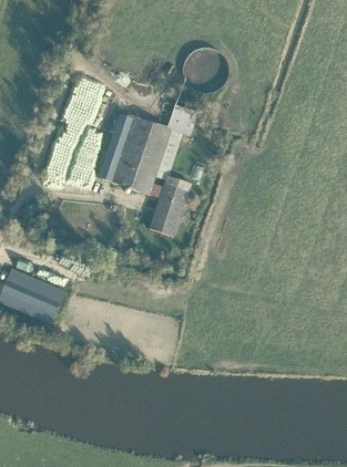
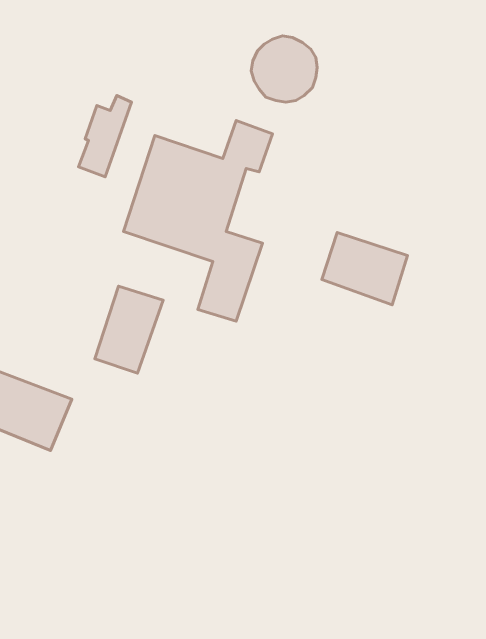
building: none -> [322,233,408,305]
building: none -> [95,286,163,373]

